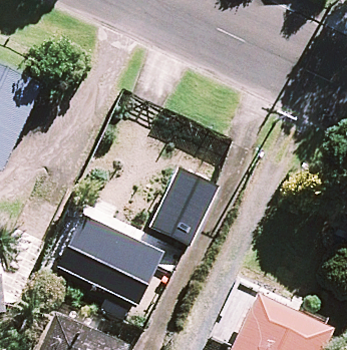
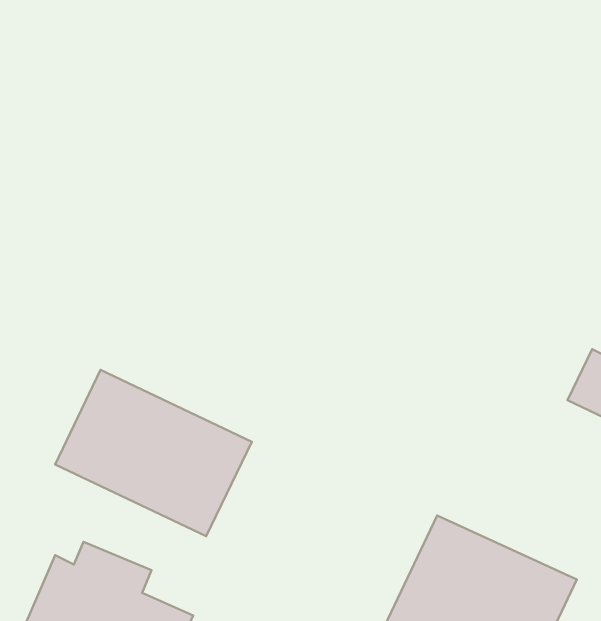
building: [142,168,216,241] -> none

